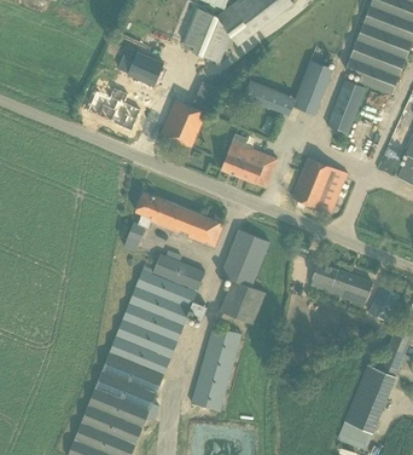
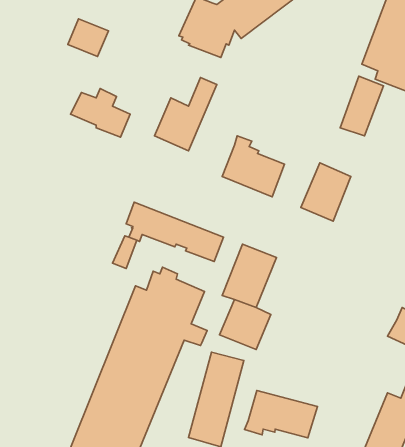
building: [127,52,163,86] -> [68,19,108,57]
building: [243,59,333,116] -> none
building: [310,263,372,298] -> none
building: none -> [245,390,317,438]

